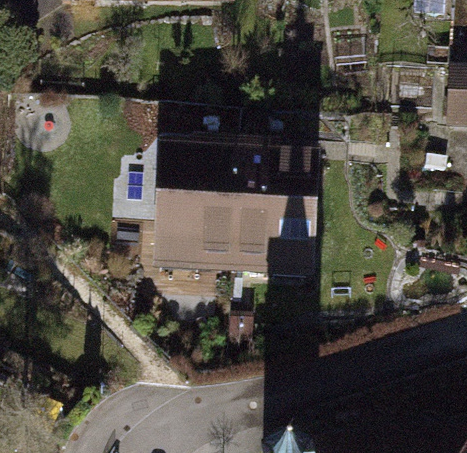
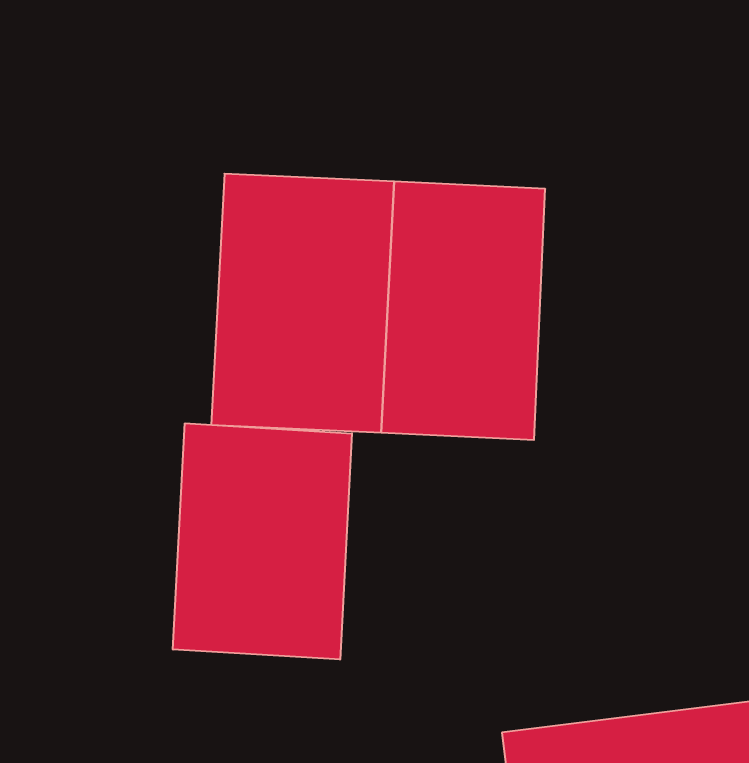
building: none -> [173,423,352,660]

